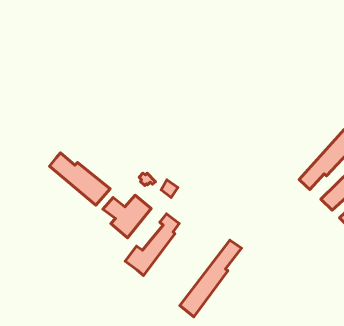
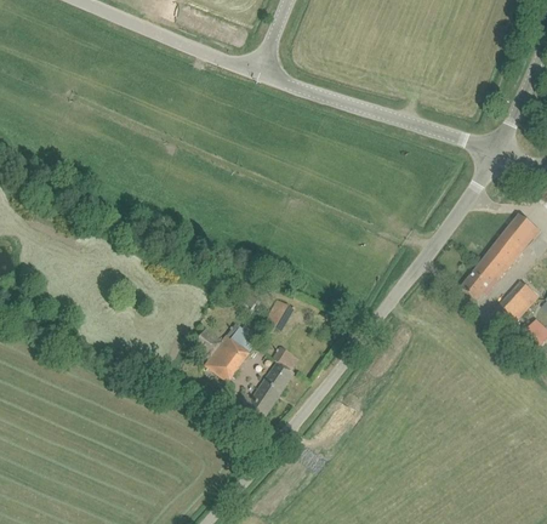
building: [50,153,110,205] -> none
building: [180,240,241,317] -> none

